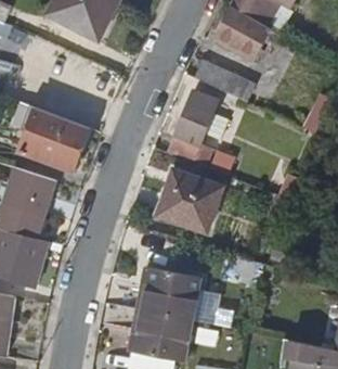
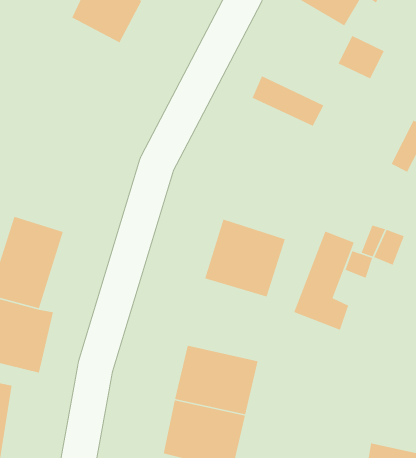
building: [213,13,266,60] -> none
building: [169,92,216,168] -> [293,231,355,331]
building: [21,109,89,171] -> none

